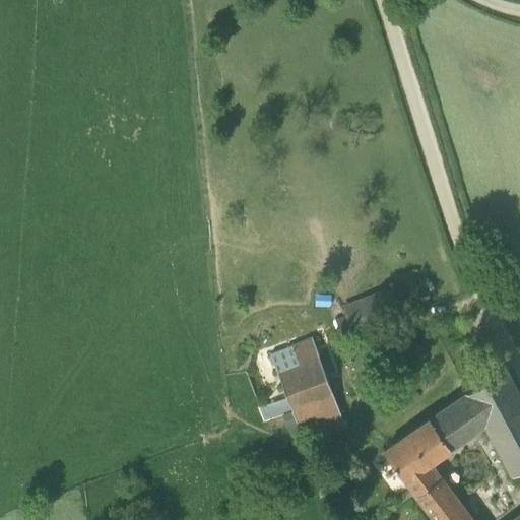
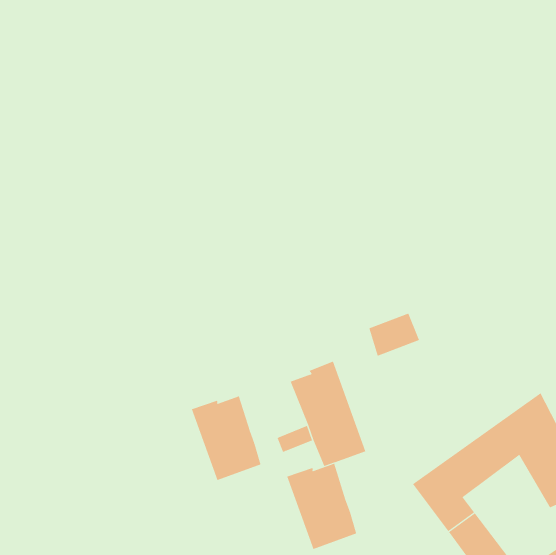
building: none -> [191,395,261,481]
building: none -> [287,463,357,550]

